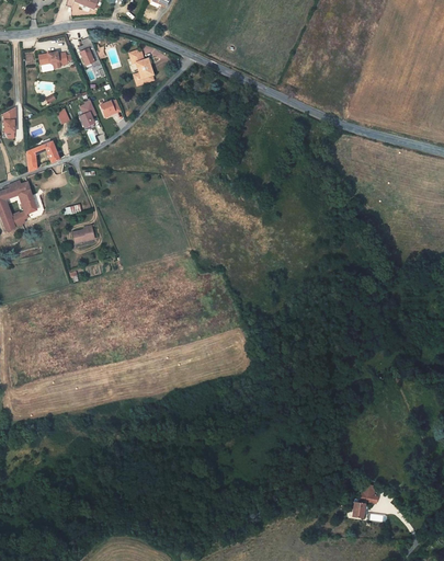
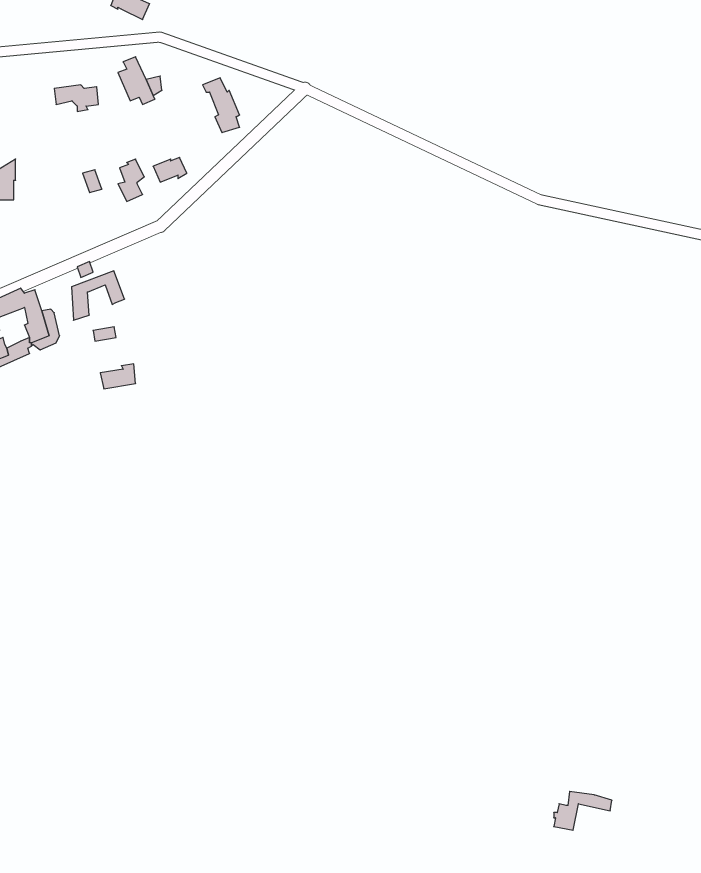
building: [26,140,59,171] -> [72,271,125,320]

